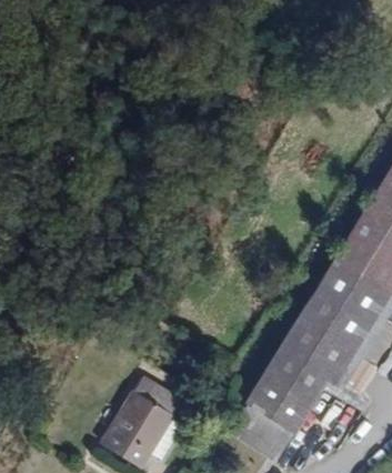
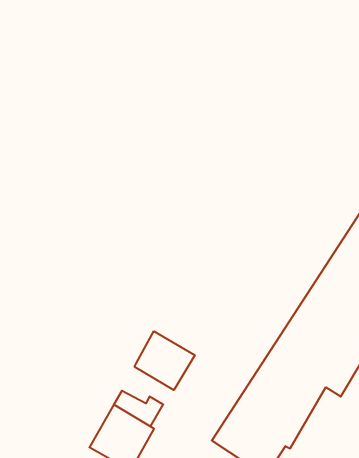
building: none -> [135,331,195,390]

